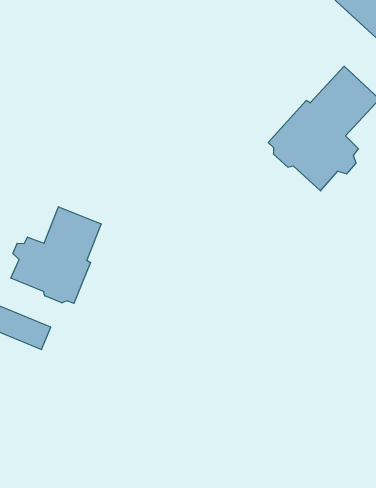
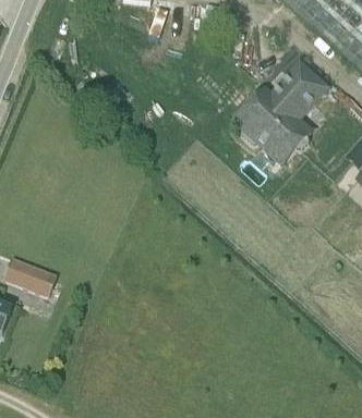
building: [11,207,101,303] -> none

